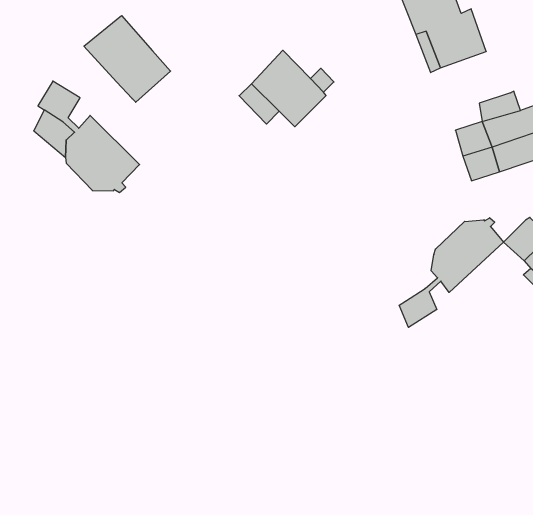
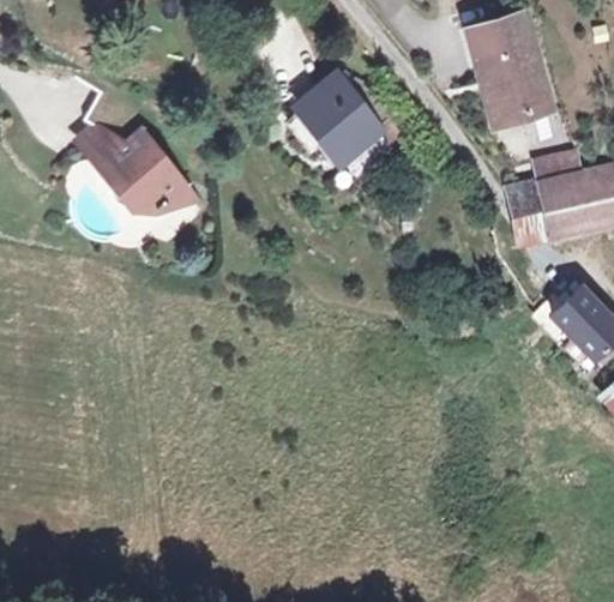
building: [84,16,171,102] -> none
building: [399,218,504,327] -> none

